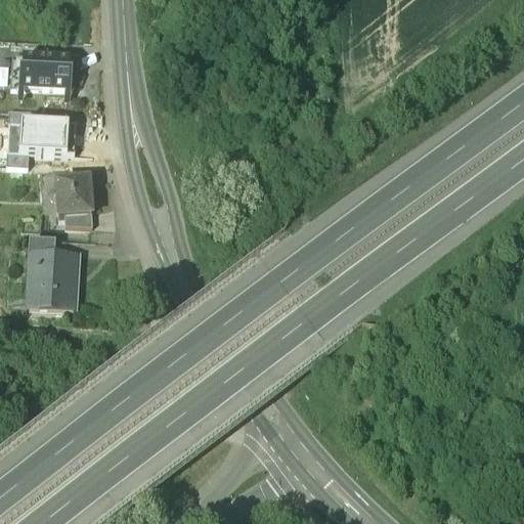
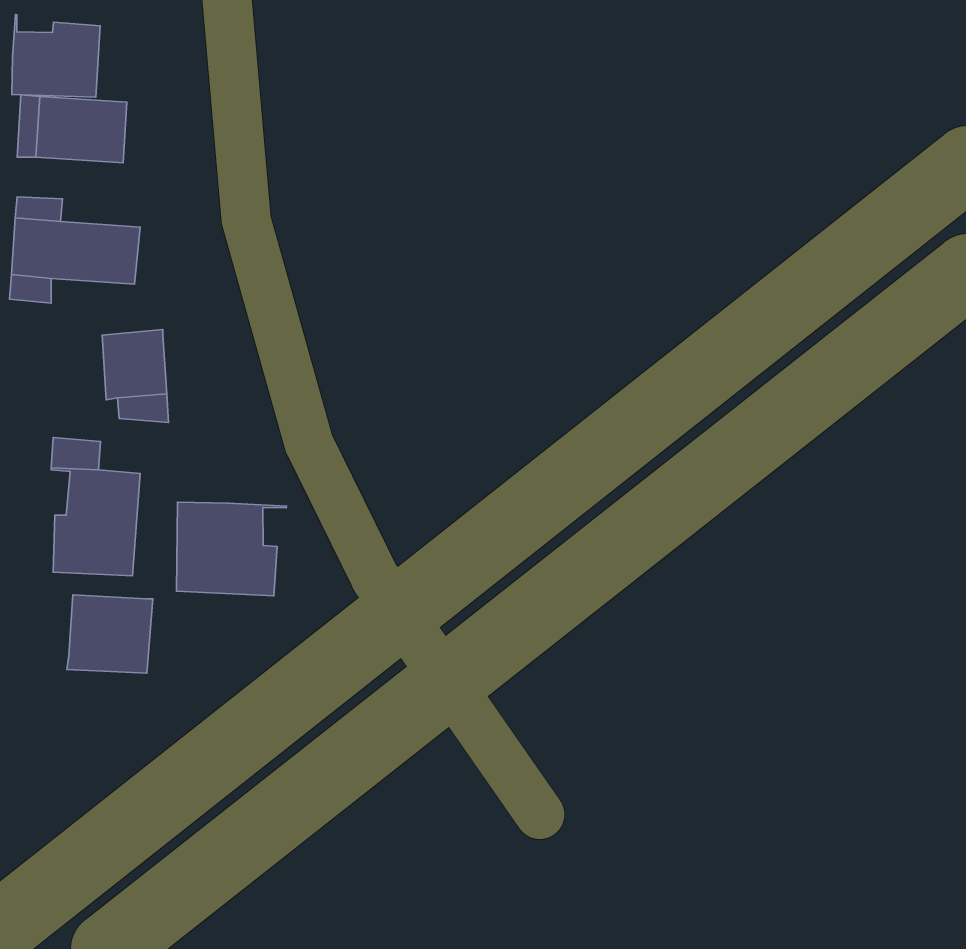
building: none -> [12,15,100,97]
building: none -> [177,502,286,596]
building: none -> [67,595,153,673]

